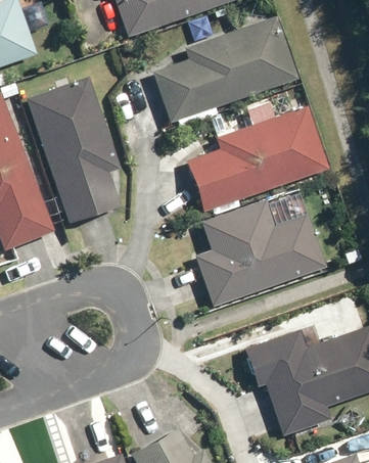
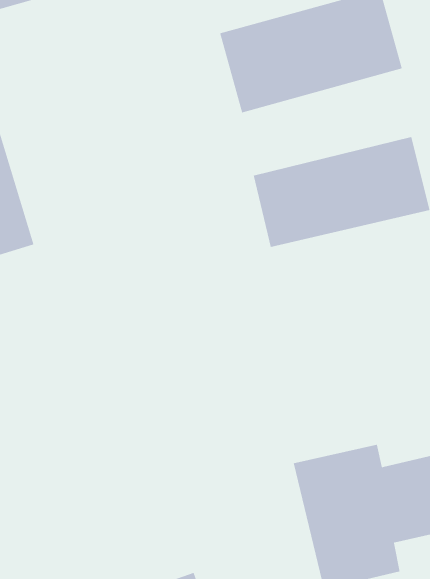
building: [33,86,123,216] -> none
building: [199,210,317,288] -> none

